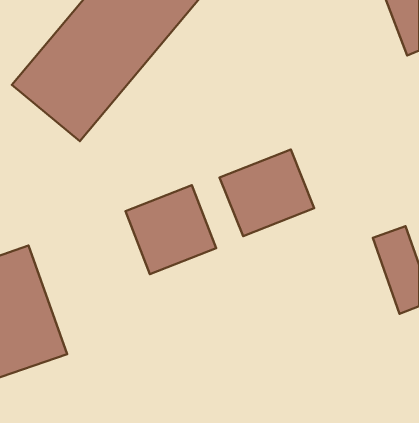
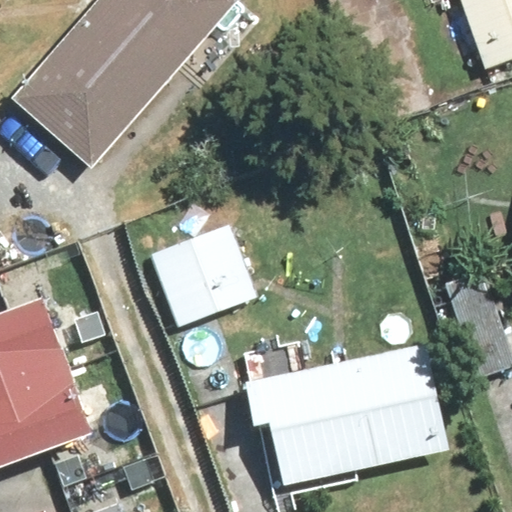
building: [220,150,314,236] -> none
building: none -> [252,344,452,485]

